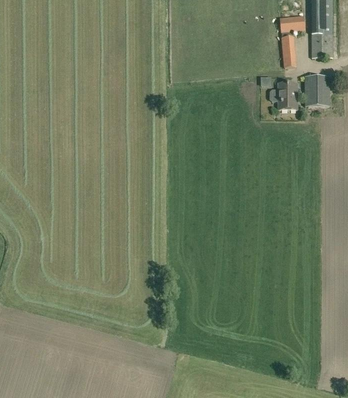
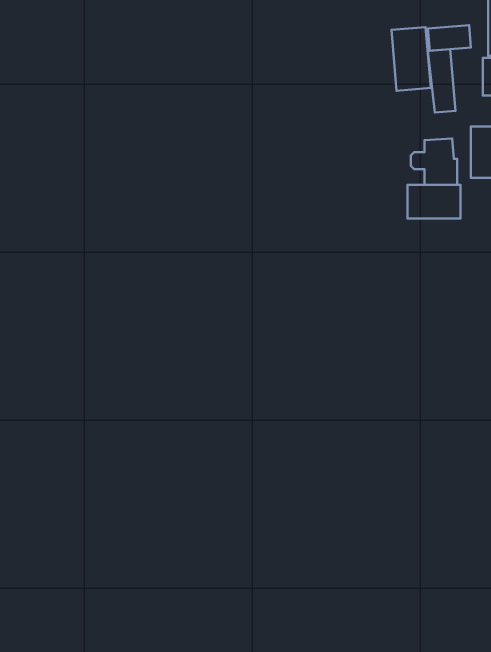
building: none -> [391,27,431,91]
building: none -> [407,185,460,218]

